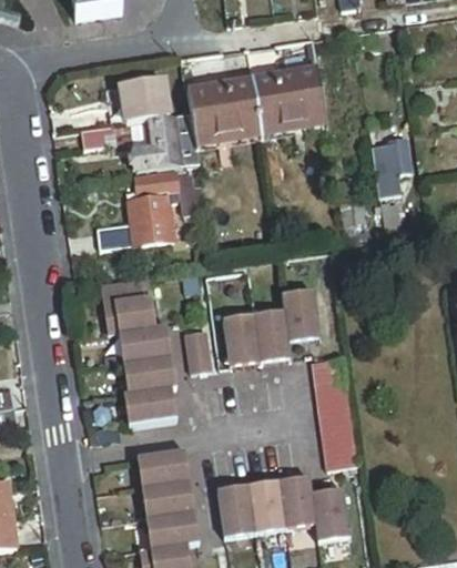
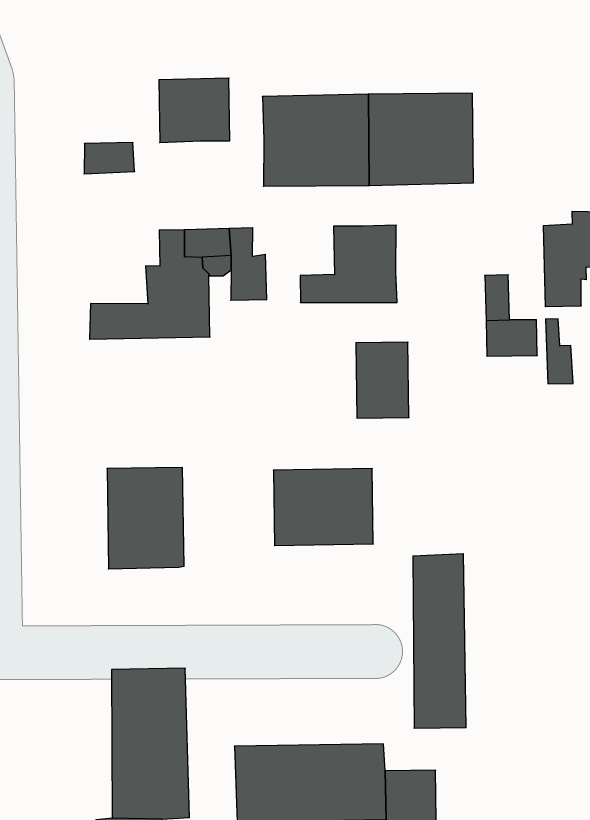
building: [136,113,199,169] -> [300,225,397,302]
building: [103,276,154,332] -> none
building: [283,288,322,339] -> [356,342,409,418]
building: [185,327,214,371] -> none
building: [125,385,177,423] -> none

